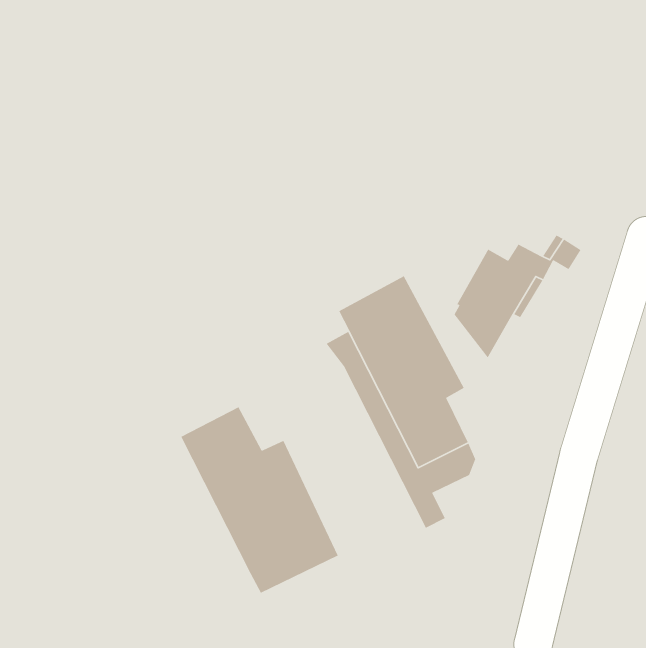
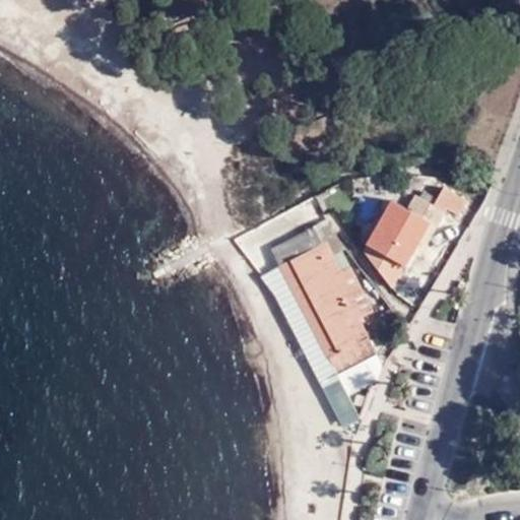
building: [180,406,339,594] -> none

